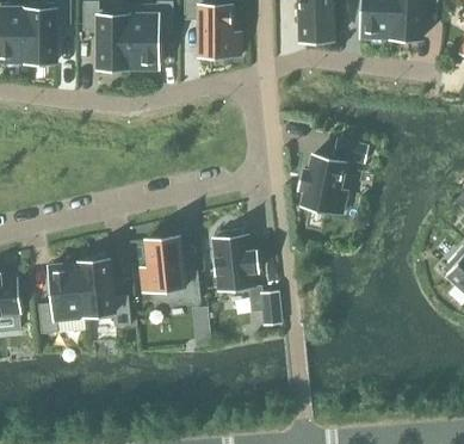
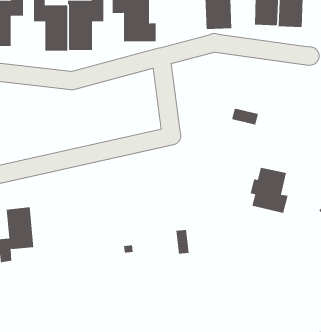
building: [299,156,348,215] -> [250,167,289,213]
building: [214,236,258,291] -> none
building: [141,238,200,303] -> none
building: [79,260,131,327] -> none

